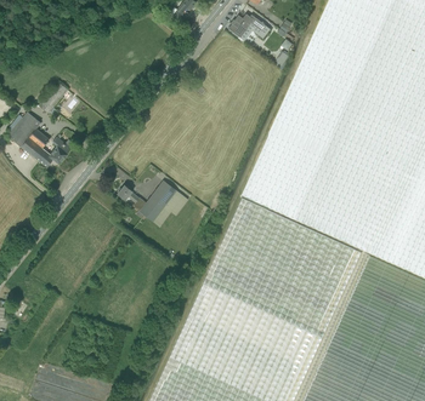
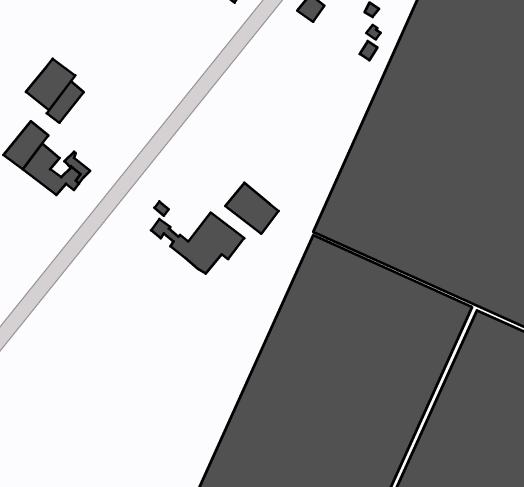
building: none -> [26,59,75,110]
building: none -> [225,183,279,234]

